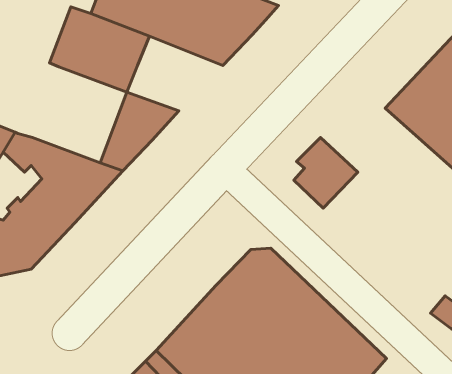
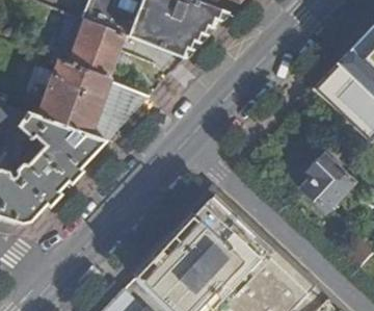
building: none -> [36,58,110,133]
building: [294,137,358,208] -> [303,156,353,211]

